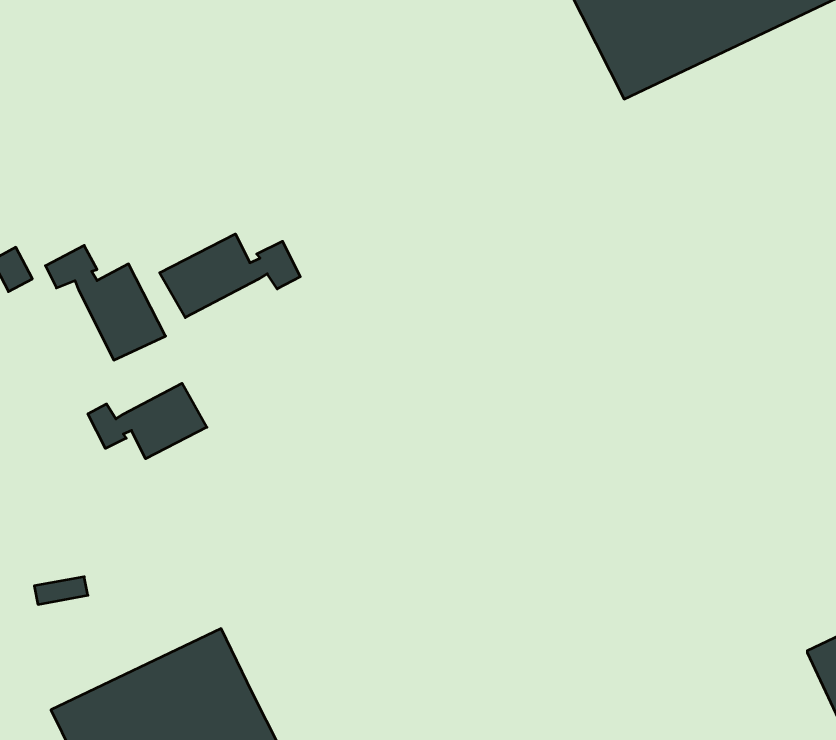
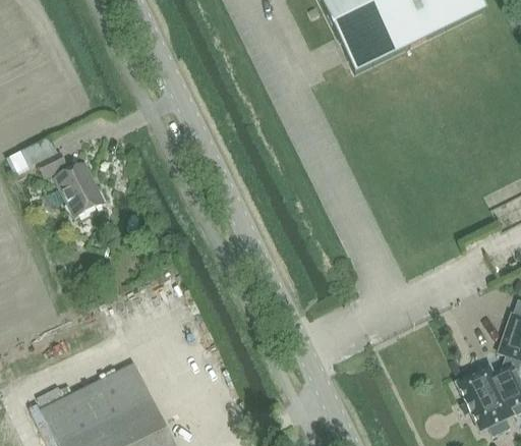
building: [160,234,300,318] -> none
building: [88,383,207,459] -> none

